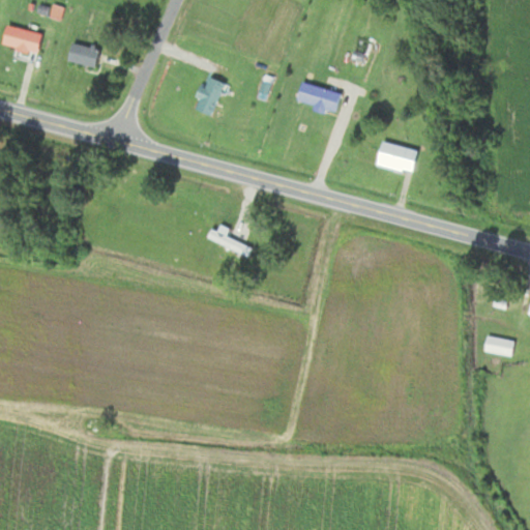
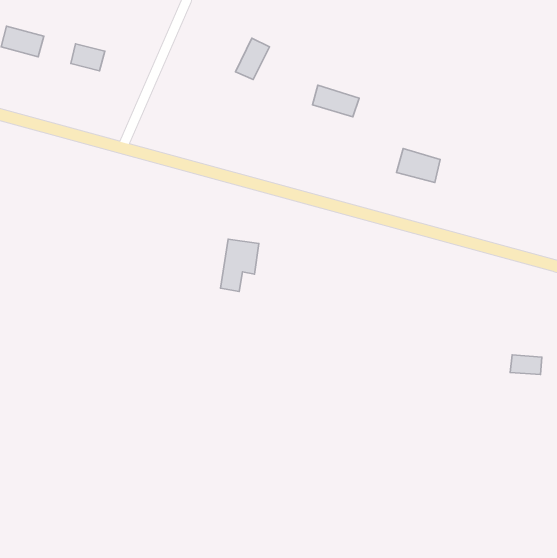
building: [194,76,226,115] -> [236,38,269,80]

